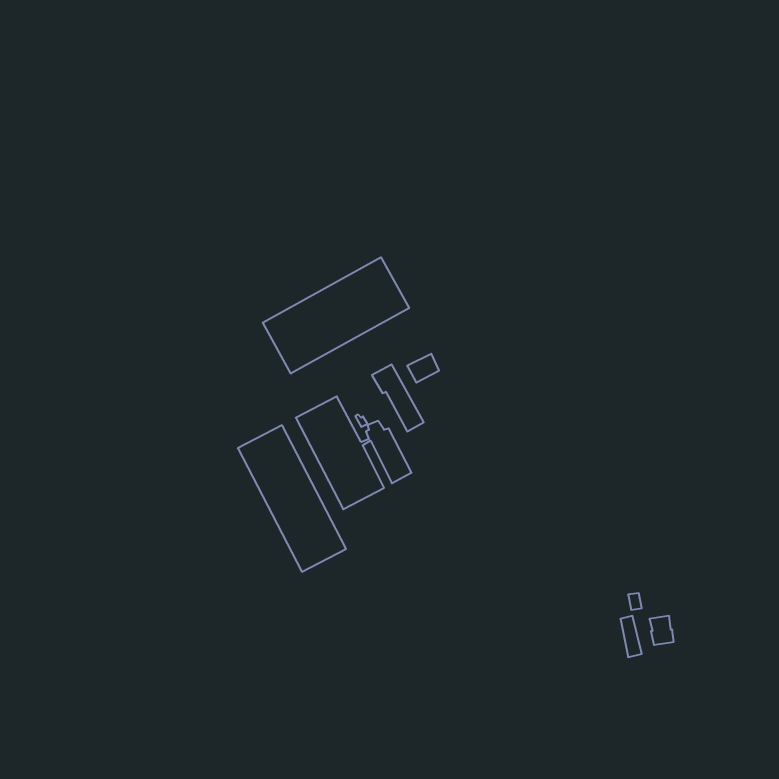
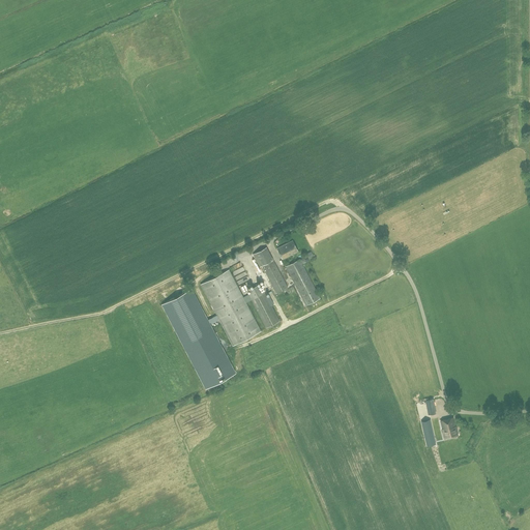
building: [263,257,409,374] -> none
building: none -> [286,259,321,305]

